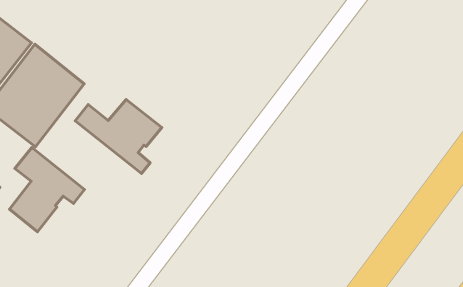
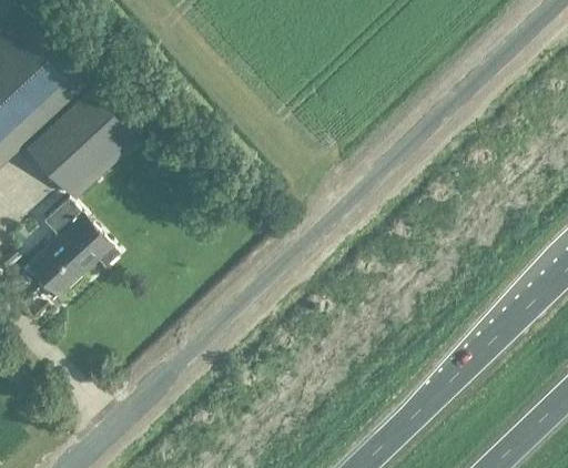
building: [75,99,162,174] -> none

